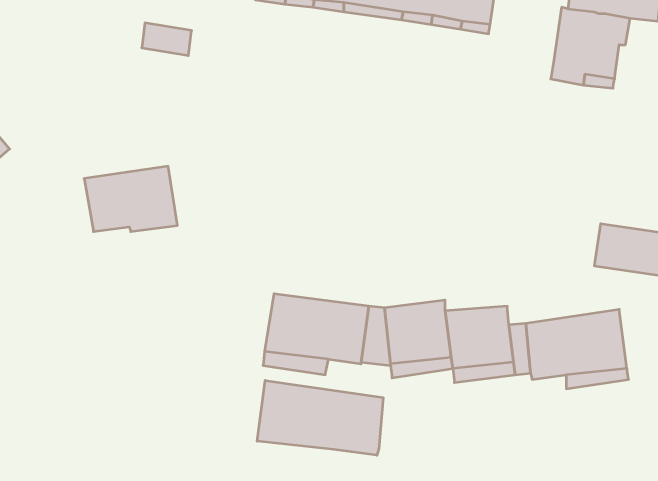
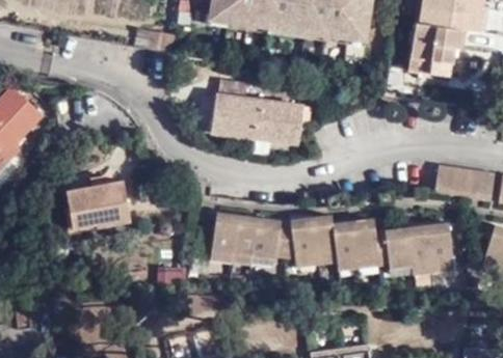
building: none -> [211,78,301,144]
building: [84,166,177,232] -> [64,182,127,225]
building: [257,380,383,455] -> none

